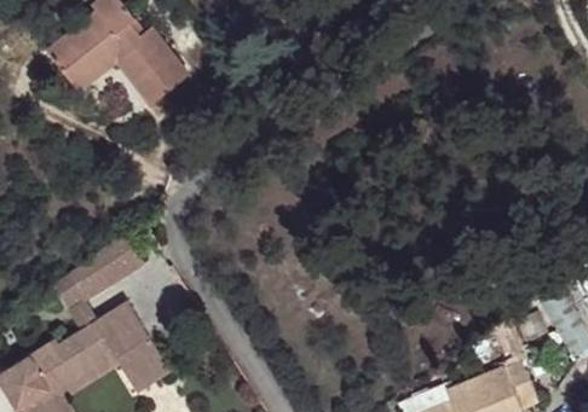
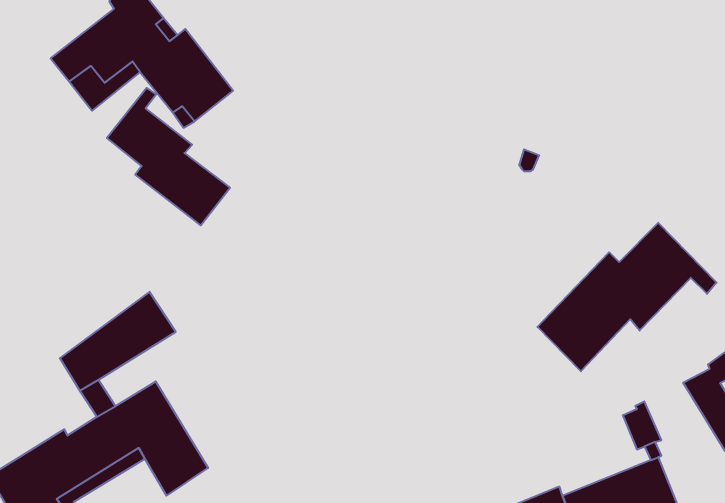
building: none -> [107,88,230,225]
building: none -> [537,223,717,371]

